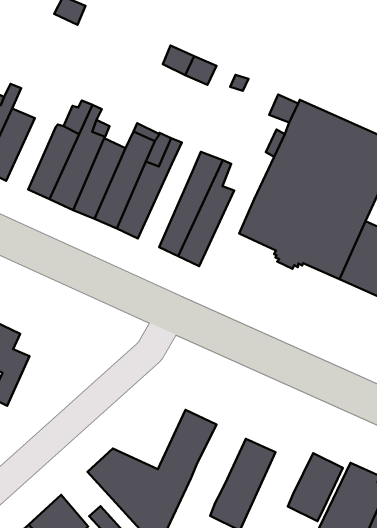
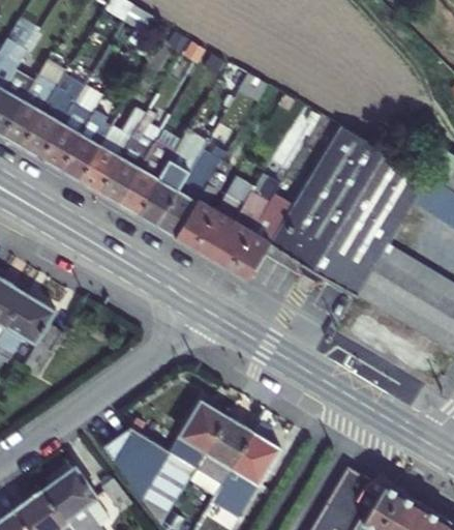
building: none -> [60,110,112,179]
building: none -> [176,171,233,246]
building: none -> [230,202,287,278]
building: [288,453,343,521] -> [200,416,254,479]

